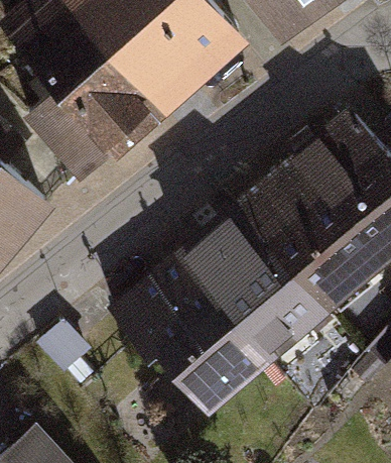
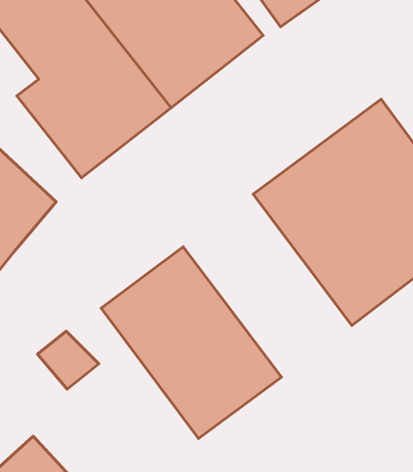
building: [173,198,329,366] -> none

